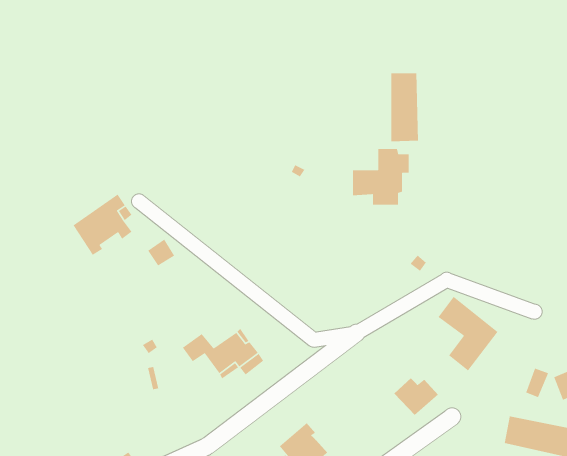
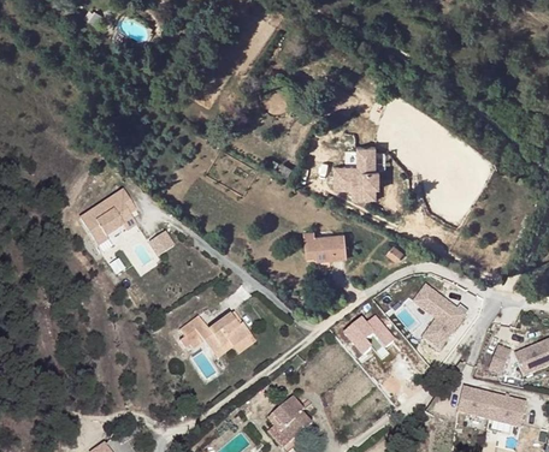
building: [390,73,419,142] -> none
building: none -> [302,231,344,261]
building: [394,377,439,416] -> [344,316,385,351]

